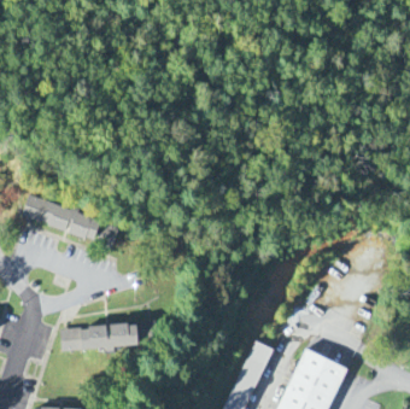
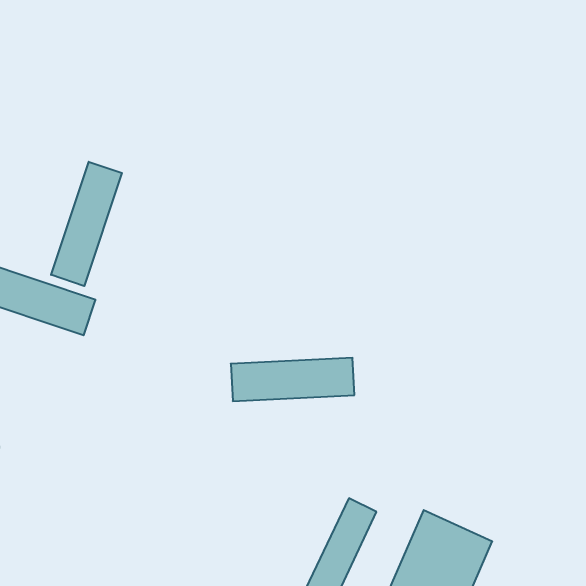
building: none -> [51,162,122,286]
building: [61,323,137,350] -> [231,358,354,401]

